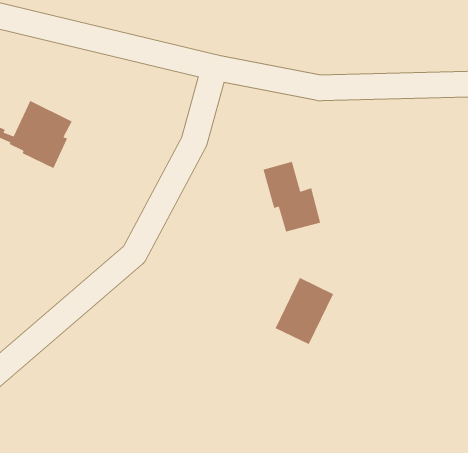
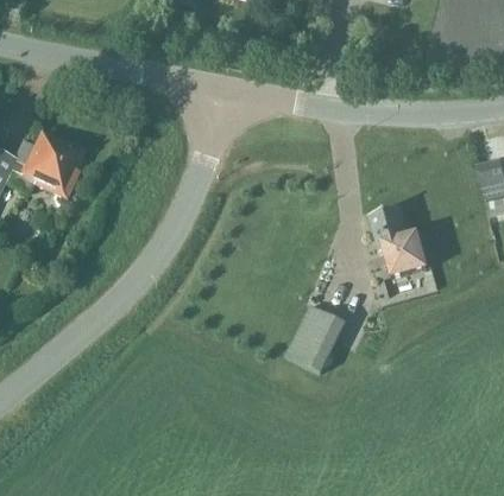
building: [263,161,321,233] -> [370,205,428,276]

